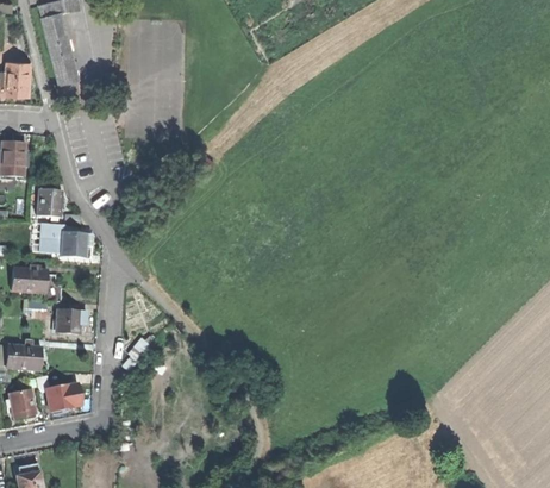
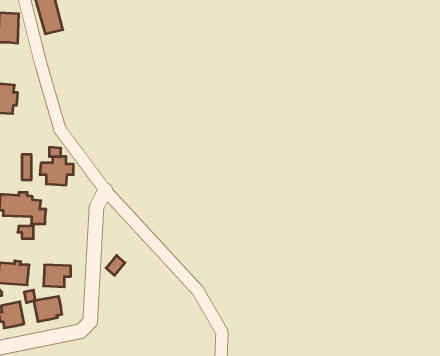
building: [36,188,61,215] -> none
building: [56,308,87,333] -> [43,265,71,287]

